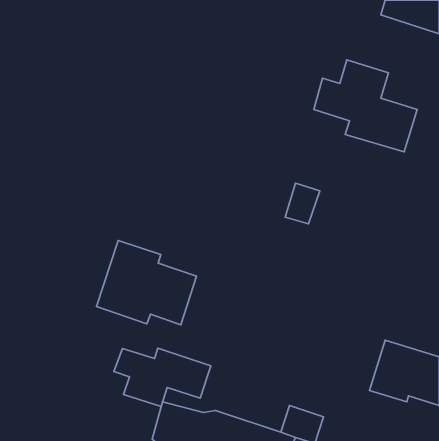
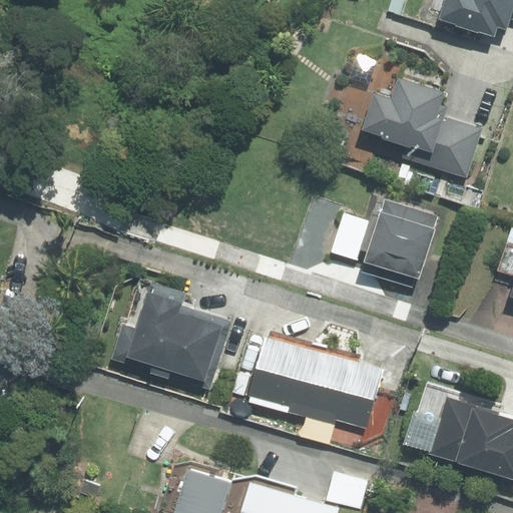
building: none -> [361,196,439,288]
building: none -> [250,333,384,429]
building: [114,348,211,407] -> none

